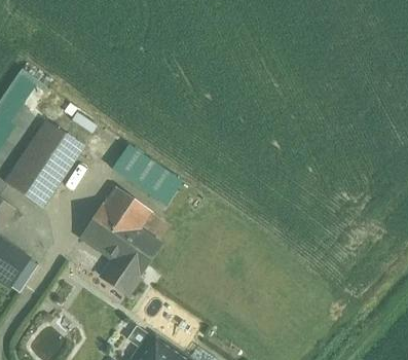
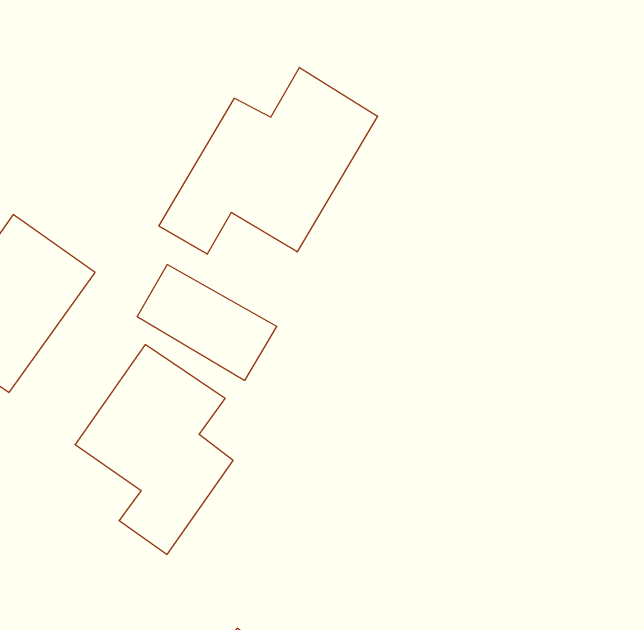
building: none -> [159,67,378,254]

